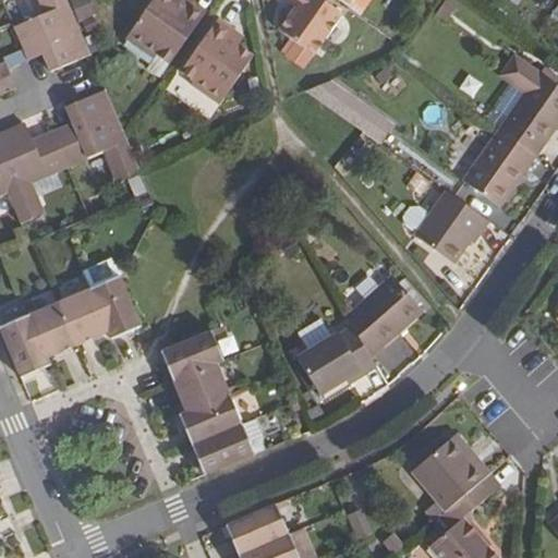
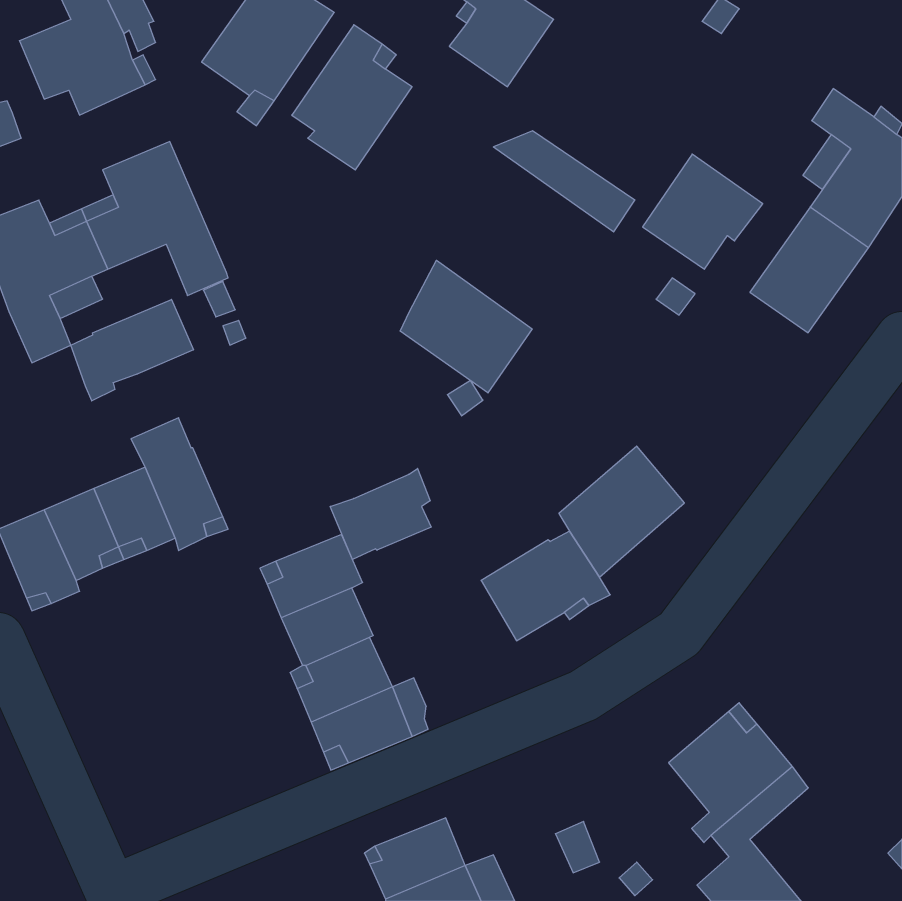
building: none -> [400,260,532,393]
building: none -> [71,299,193,401]
building: [415,190,489,260] -> [643,154,763,269]
building: none -> [330,468,431,560]

